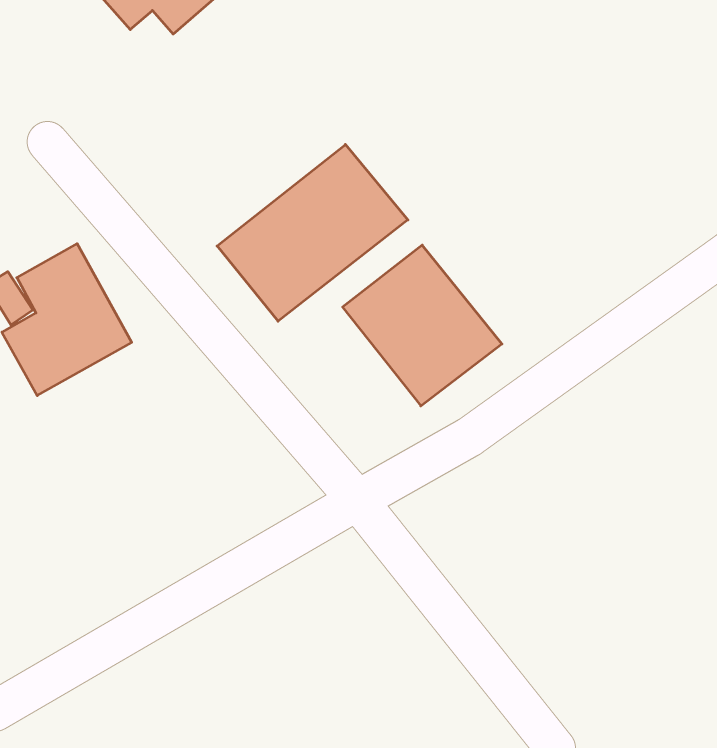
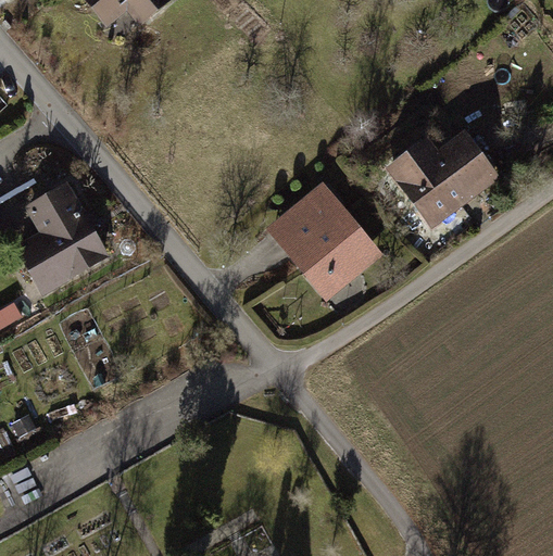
building: [217,144,408,321] -> none
building: none -> [384,129,502,229]

